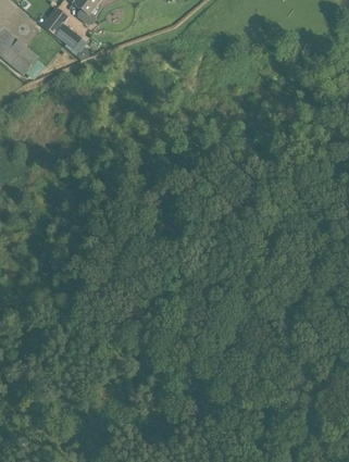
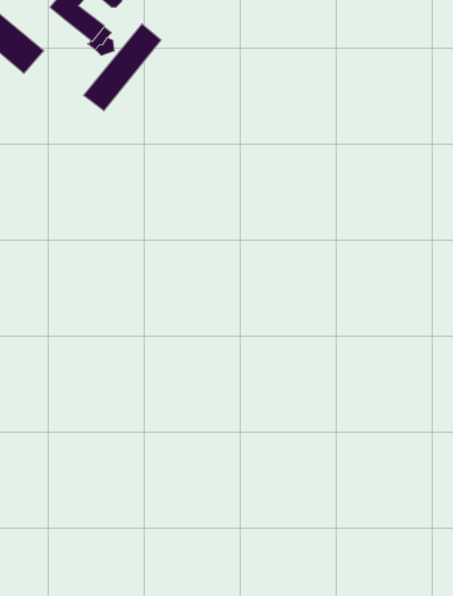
building: none -> [84,24,161,111]

